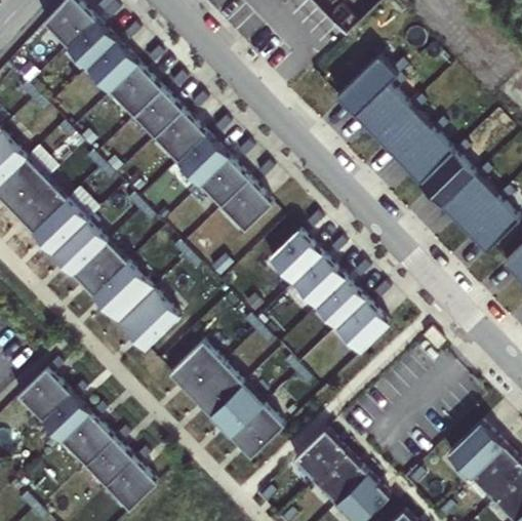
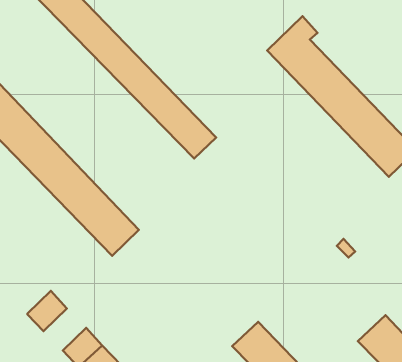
building: [271,231,390,352] -> none
building: [170,343,285,459] -> none
building: [19,368,72,420] -> none
building: [64,414,115,466] -> none

